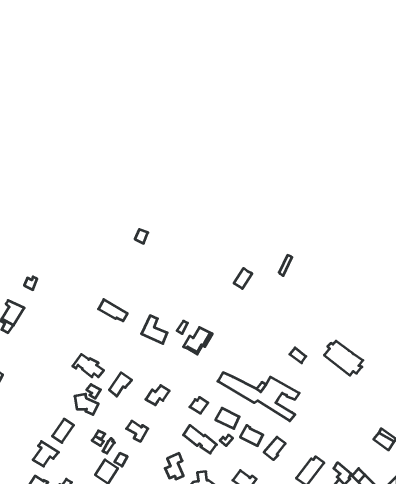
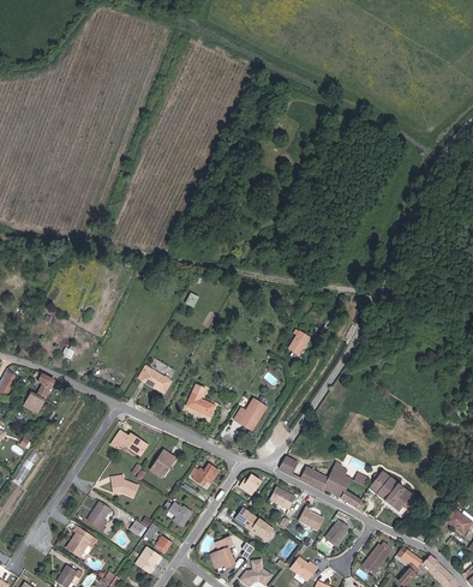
building: [324,341,363,375] -> [364,469,407,508]

